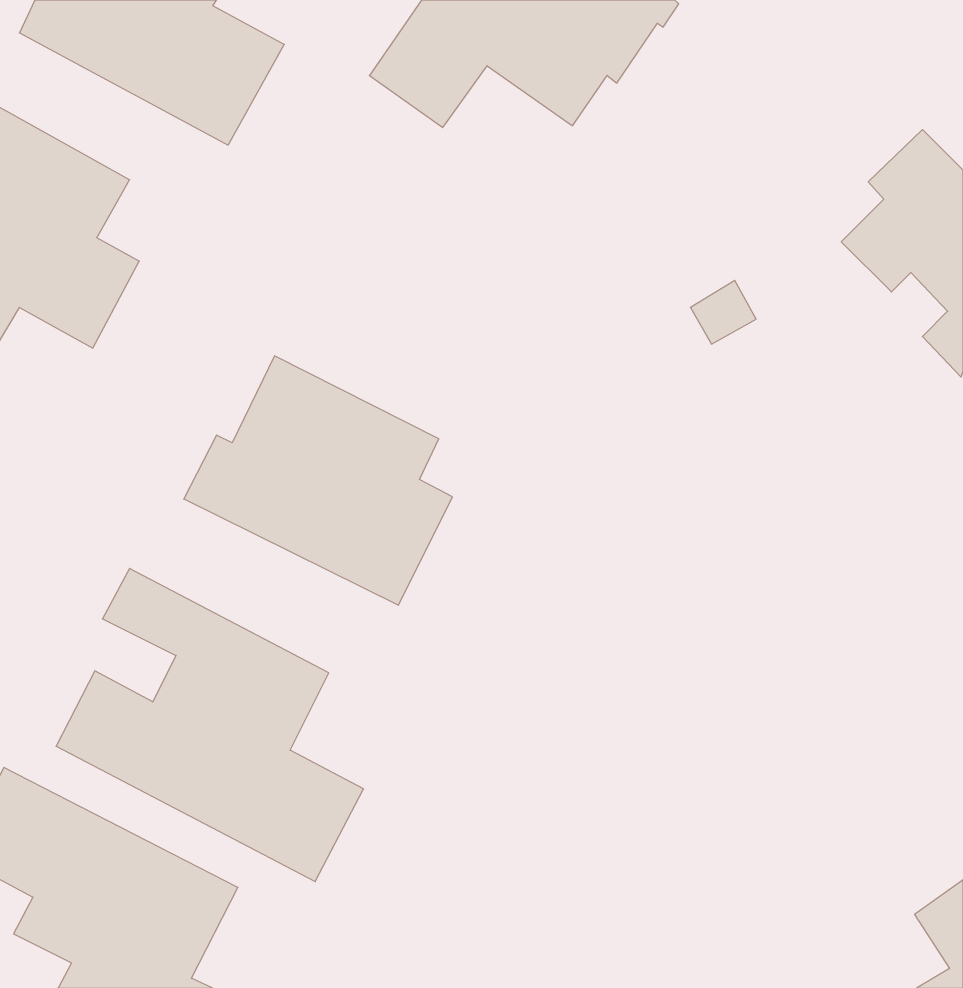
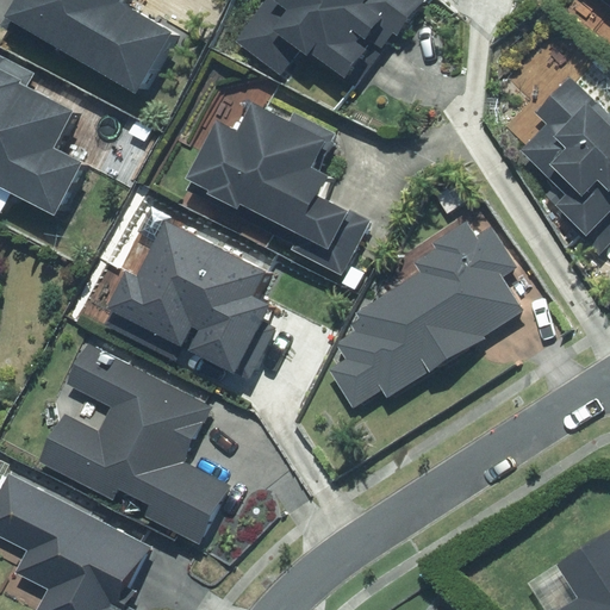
building: none -> [197,104,366,267]
building: none -> [320,220,522,409]

